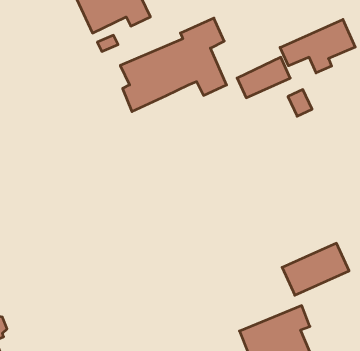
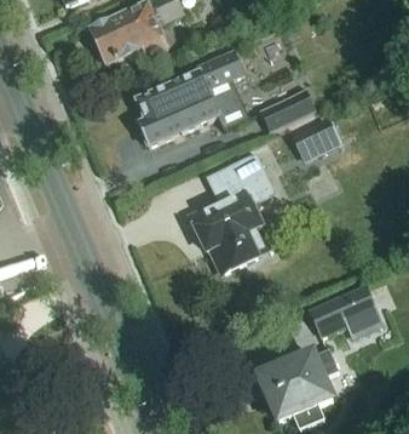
building: [280,19,355,73] -> none
building: none -> [190,154,273,273]

